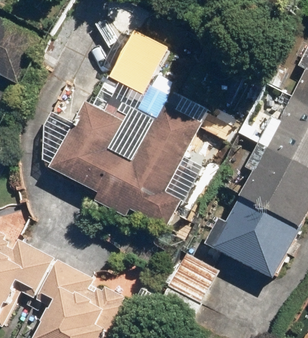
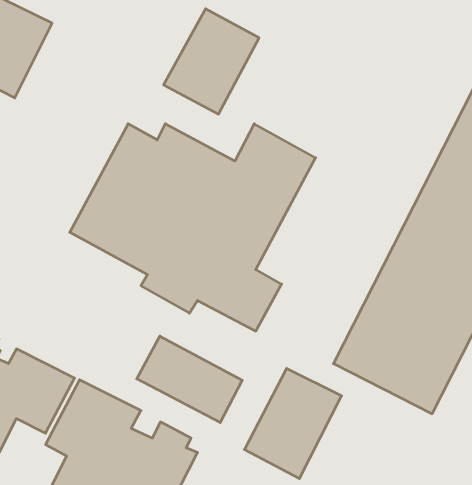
building: none -> [137,336,242,423]

